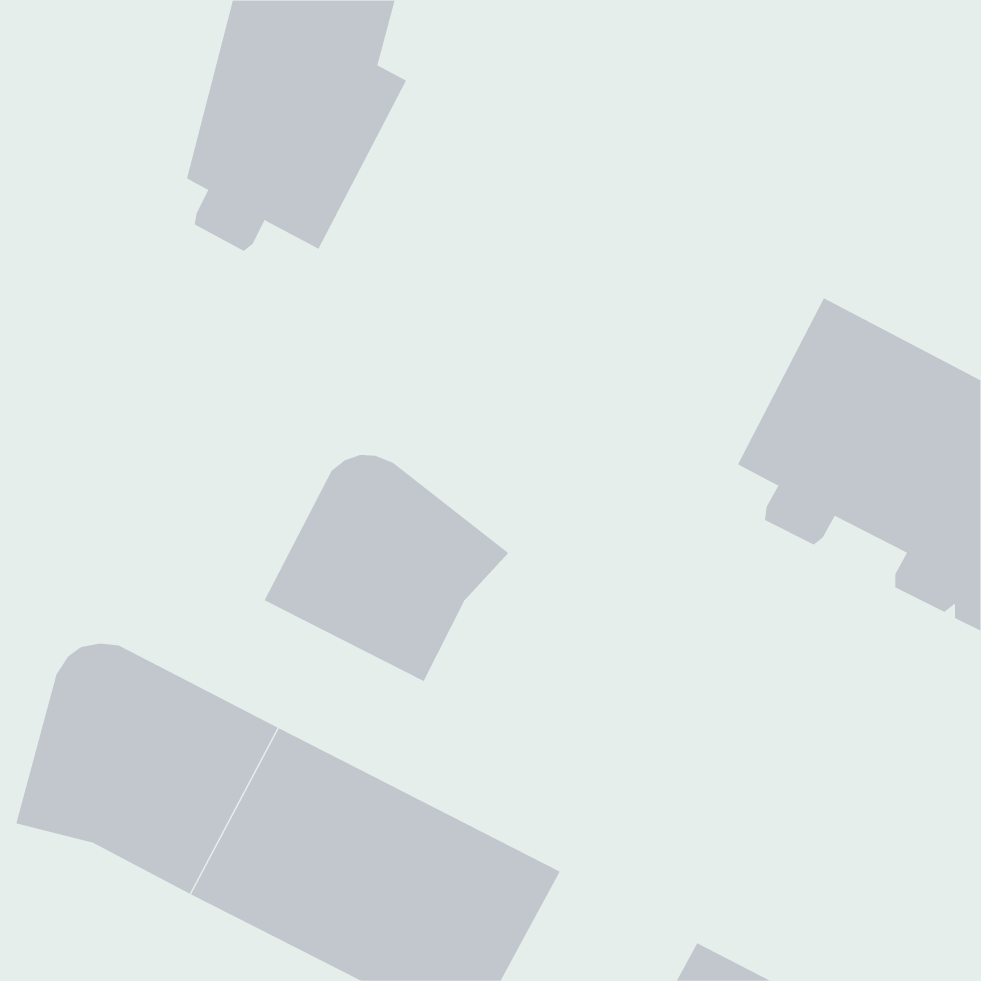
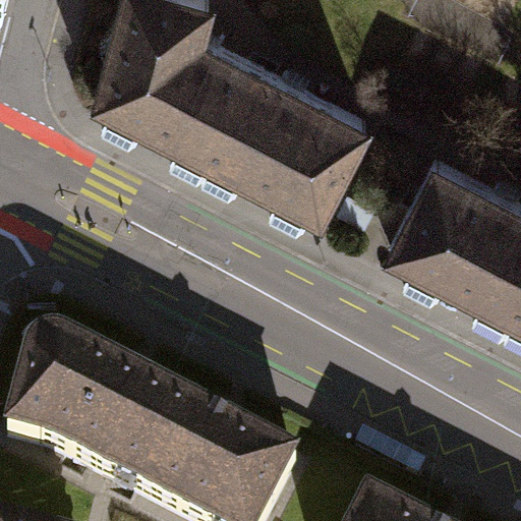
building: none -> [169,43,367,220]
building: [264,454,509,682] -> none

